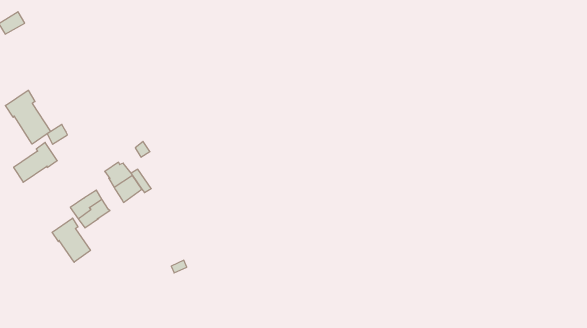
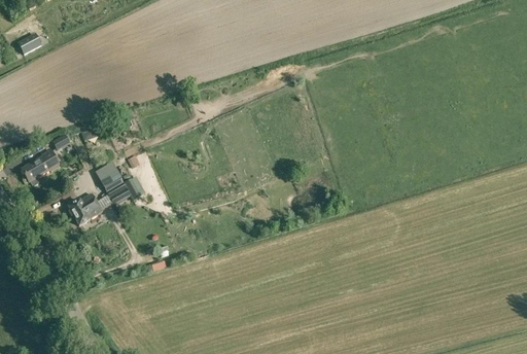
building: [5,90,50,144] -> none
building: [52,218,90,262] -> none

